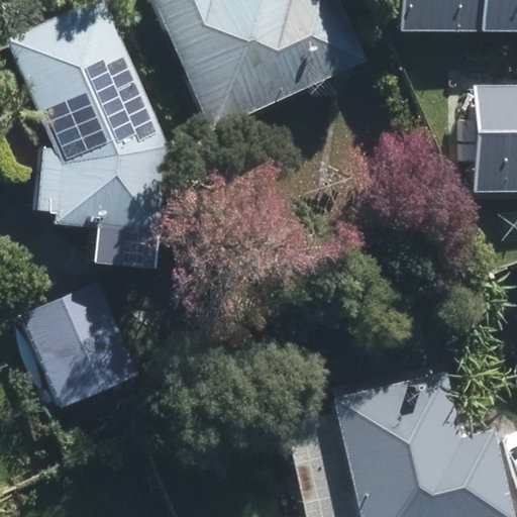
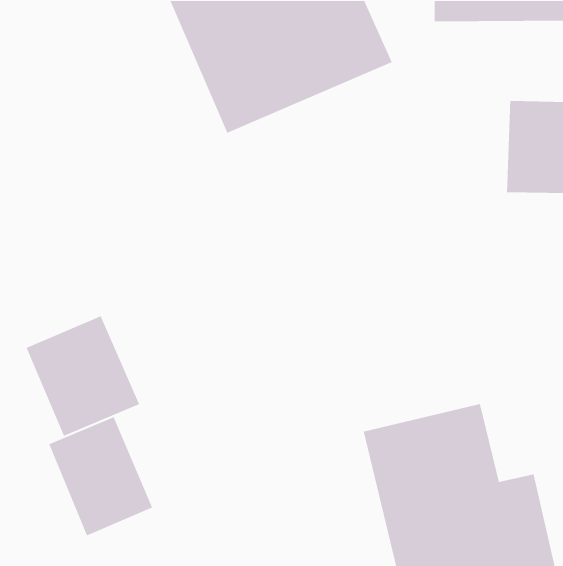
building: [15,10,164,223] -> none
building: none -> [48,416,153,536]

